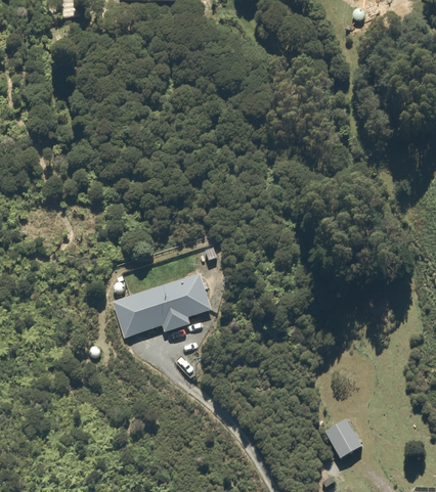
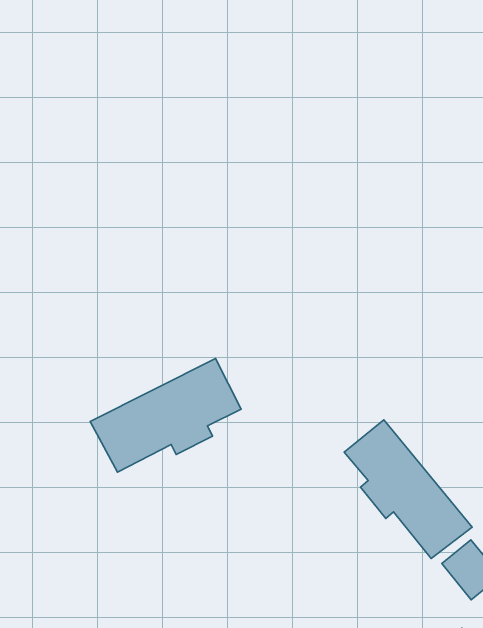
building: none -> [344,420,472,559]

